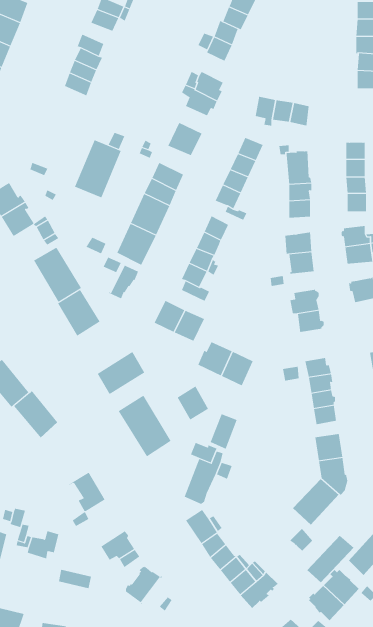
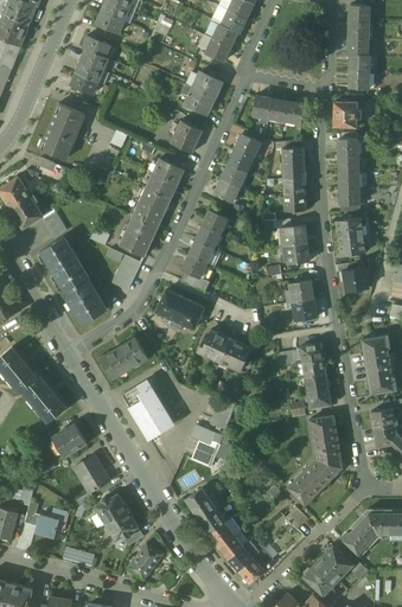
building: none -> [334,102,356,127]
building: [74,140,122,198] -> [39,103,84,159]
building: [177,385,209,421] -> none
building: none -> [51,422,88,458]
building: none -> [95,493,129,524]
building: [306,535,354,583] -> none

